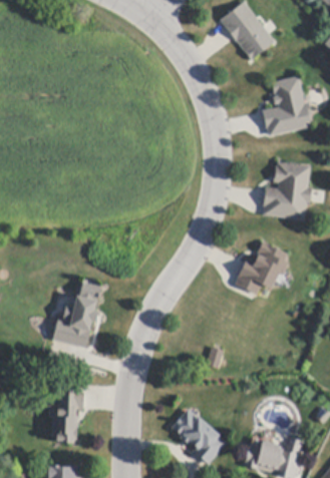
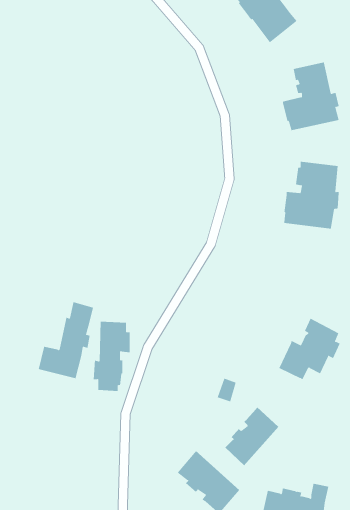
building: [235,241,288,294] -> [278,318,340,380]
building: none -> [225,406,279,466]
building: [51,383,83,443] -> [93,321,130,391]

